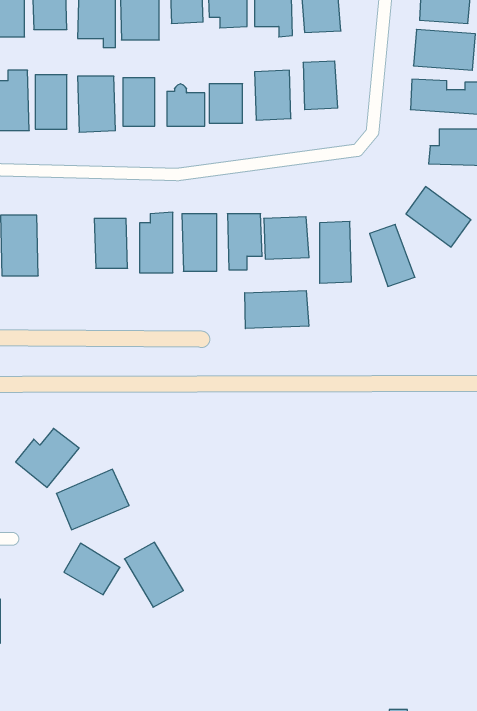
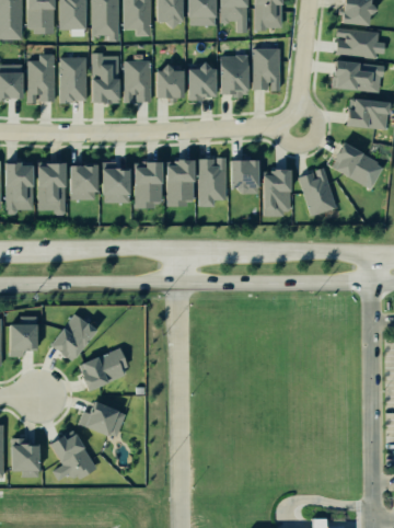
building: none -> [70,163,96,198]
building: [245,291,309,329] -> none
building: [124,542,183,607] -> [50,433,93,480]

